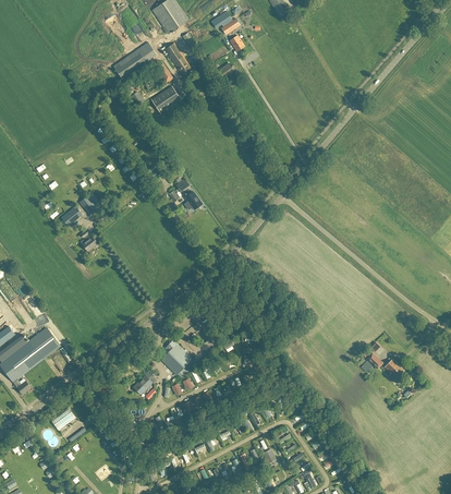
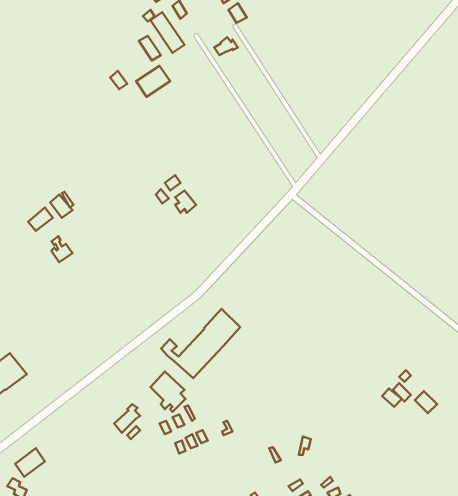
building: [113,43,157,77] -> none
building: none -> [161,309,240,378]

